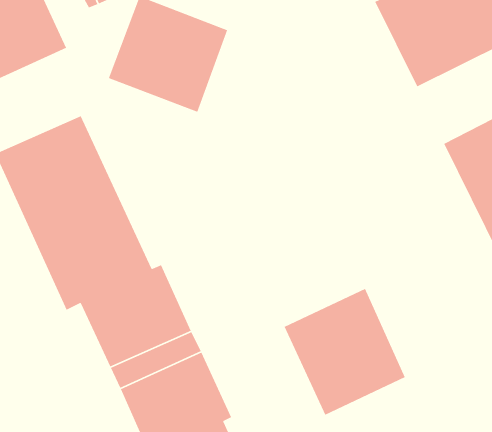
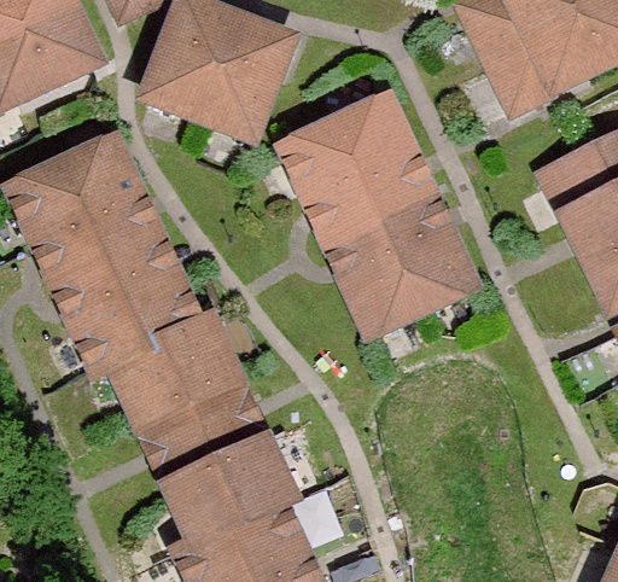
building: none -> [281,103,472,337]
building: [283,288,406,416] -> none

